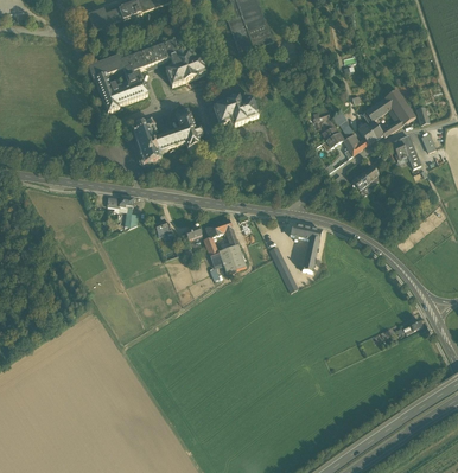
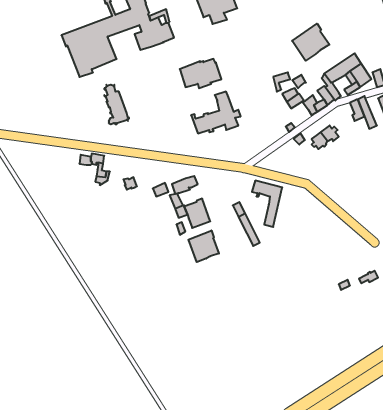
building: none -> [292,24,329,61]
building: [150,107,202,151] -> [191,92,241,133]
building: none -> [188,230,219,262]

